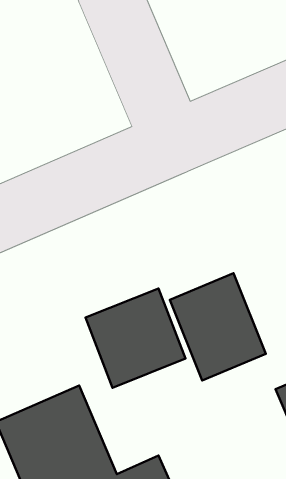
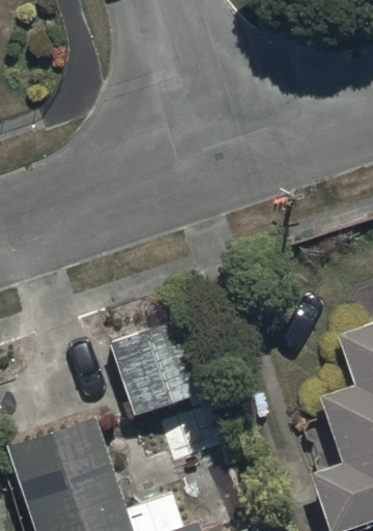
building: [170,273,266,381] -> none

